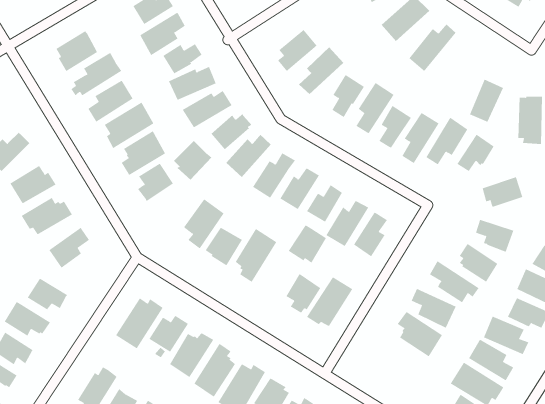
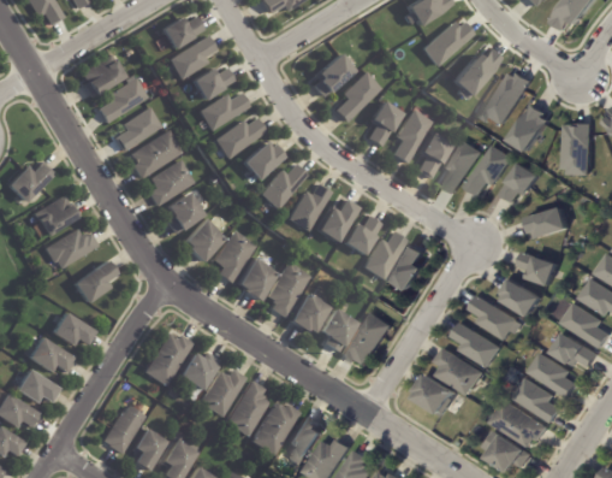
building: none -> [482,69,529,126]
building: [173,140,212,180] -> [183,220,224,262]
building: [288,224,327,264] -> [289,294,329,335]
building: none -> [416,376,456,417]

